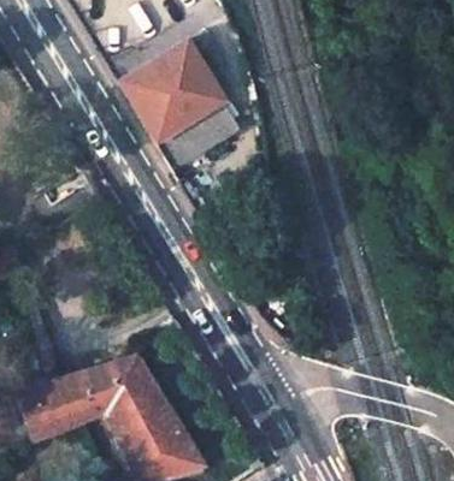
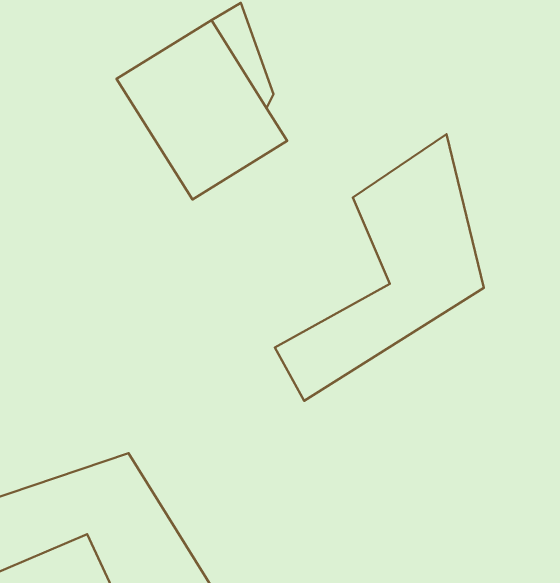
building: none -> [275,134,484,401]

